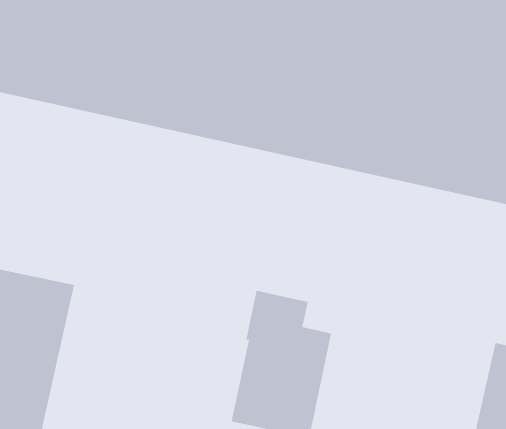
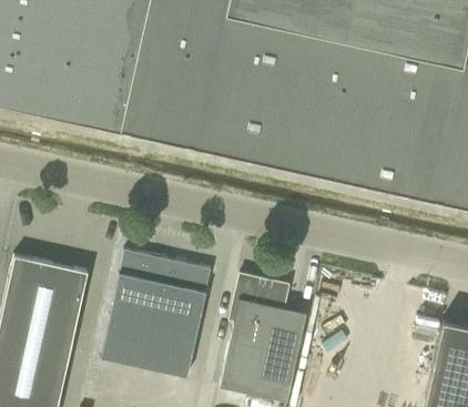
building: none -> [100,252,211,379]

